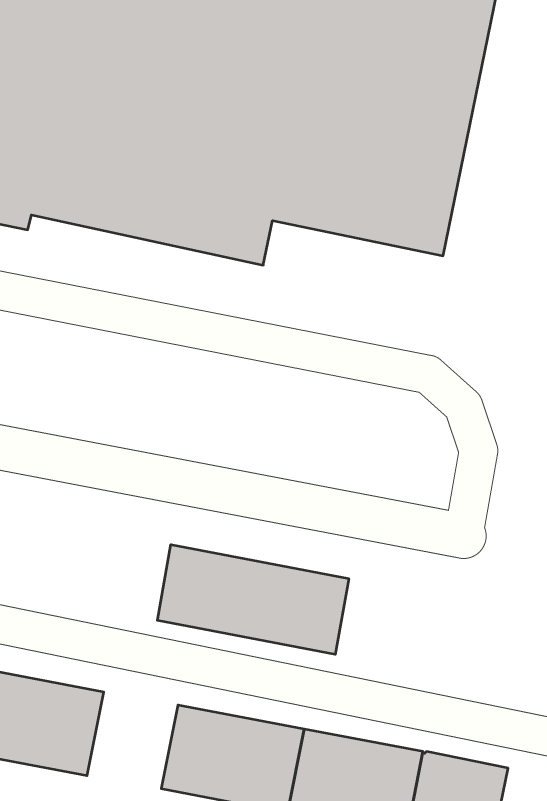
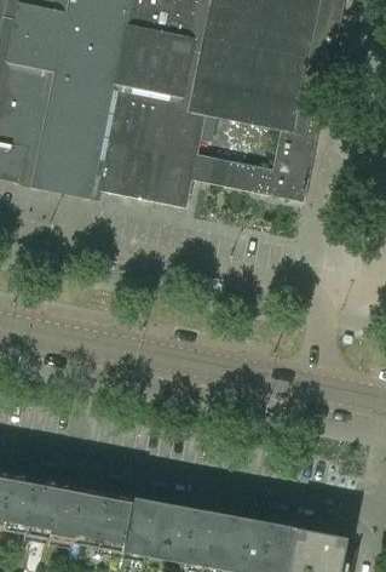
building: [157,545,349,654] -> none
building: none -> [65,486,125,549]

